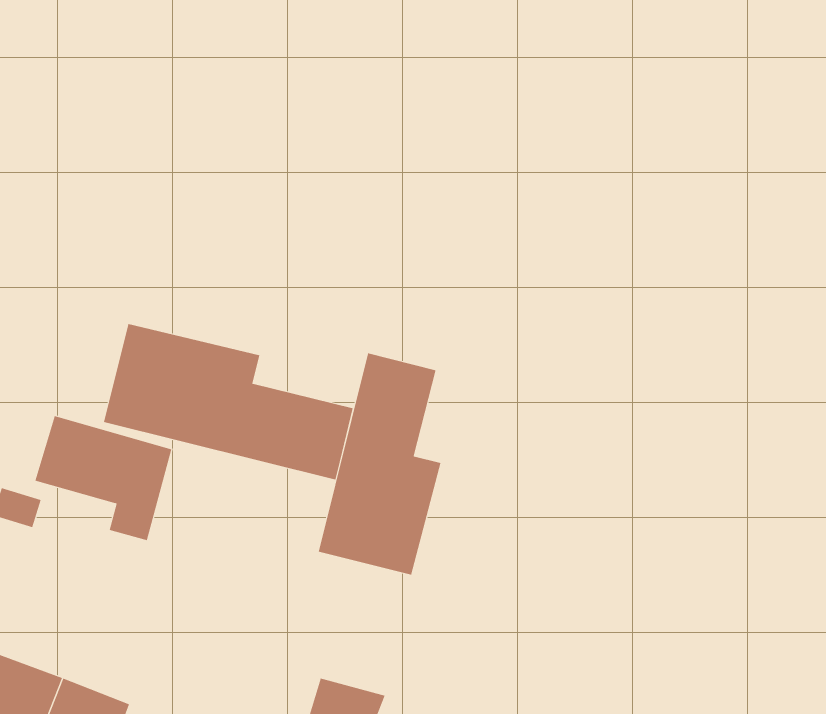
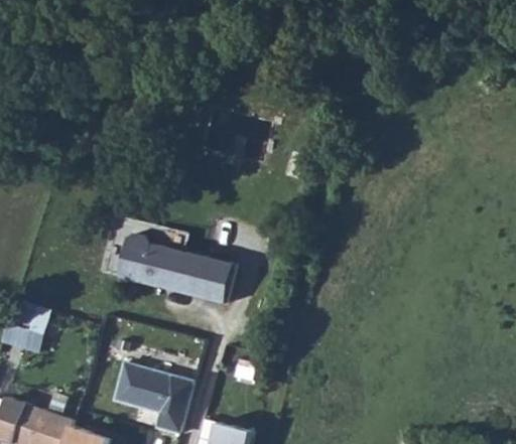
building: [318,352,441,576] -> none
building: [35,416,172,541] -> [113,361,191,433]

